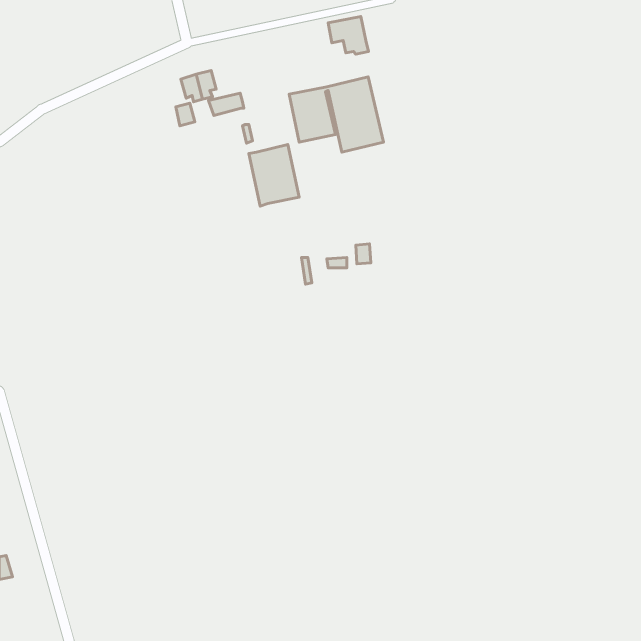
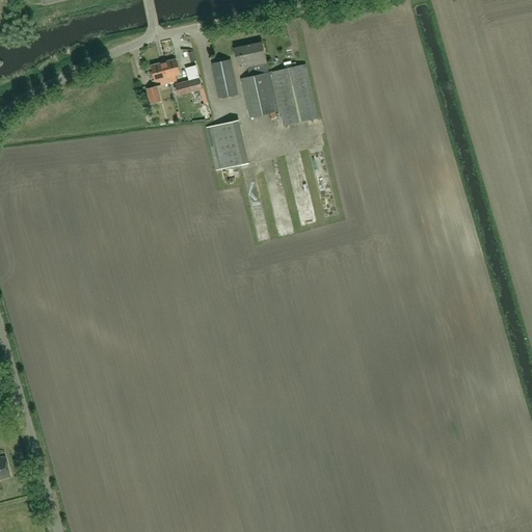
building: [328,16,368,54] -> [234,42,267,73]
building: none -> [211,59,237,98]

